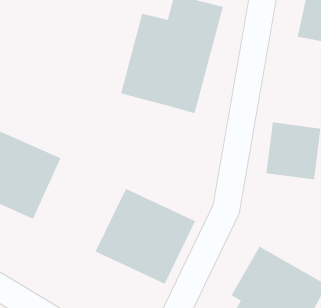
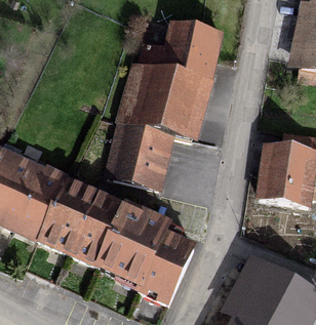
building: none -> [107,118,175,185]
building: none -> [38,179,126,270]

